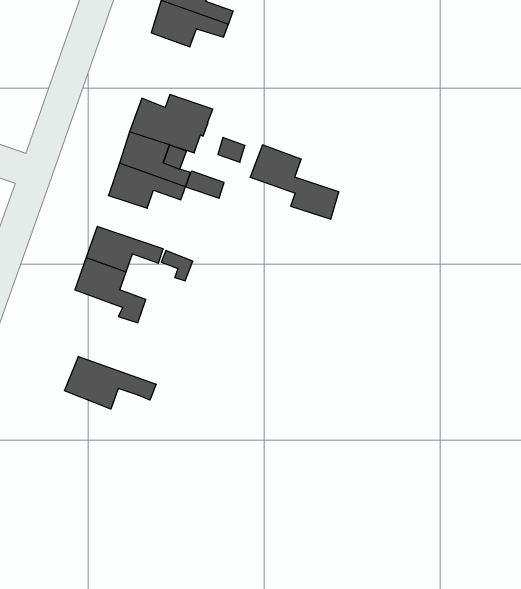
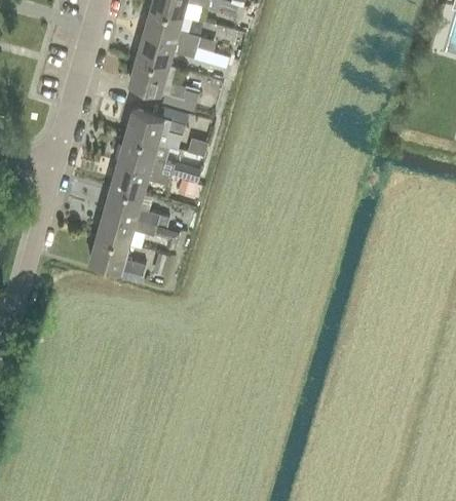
building: [250,145,339,219] -> [128,59,198,113]
building: none -> [104,187,159,226]
building: [65,356,156,409] -> none

